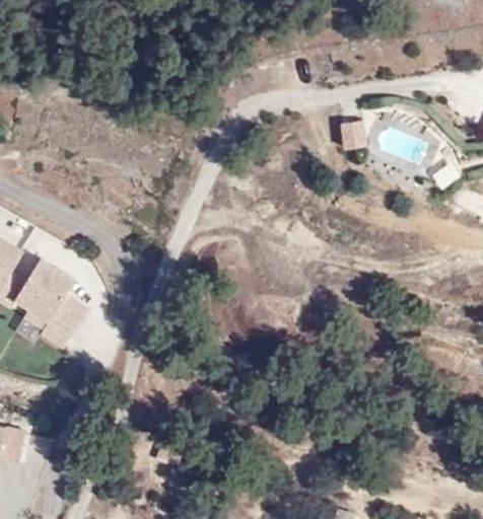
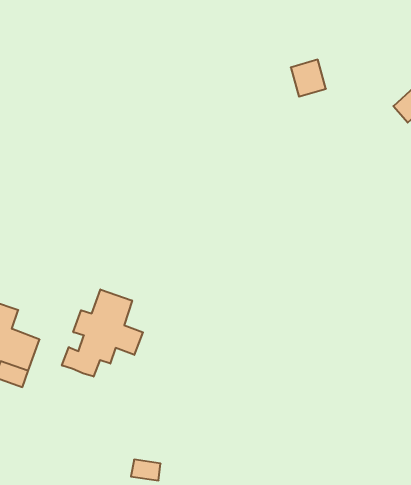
building: none -> [62,289,143,377]

